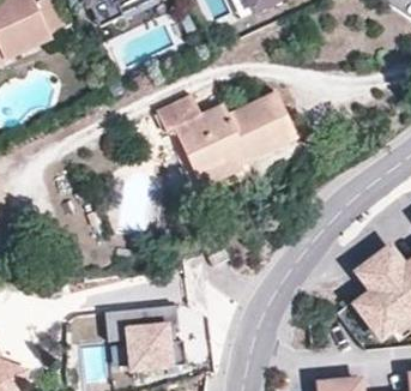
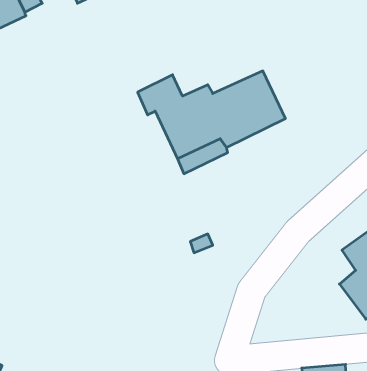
building: [105,305,187,368] -> none

